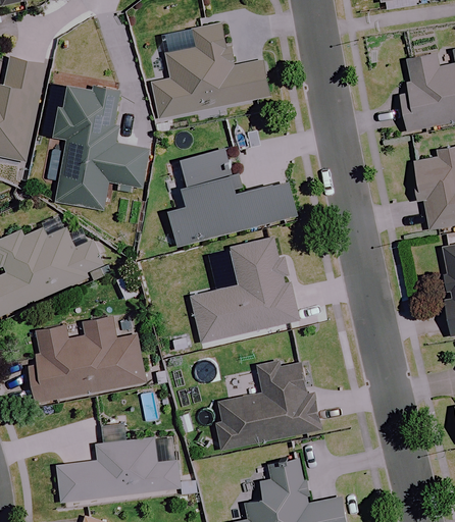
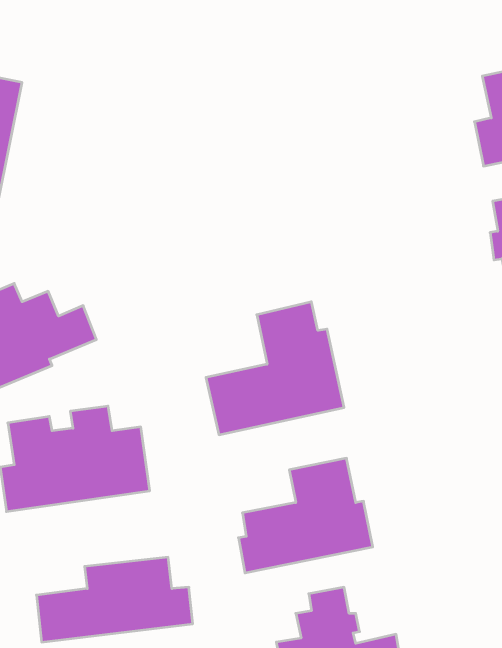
building: [151,23,269,122] -> none
building: [53,87,146,210] -> none
building: [169,150,297,245] -> none

